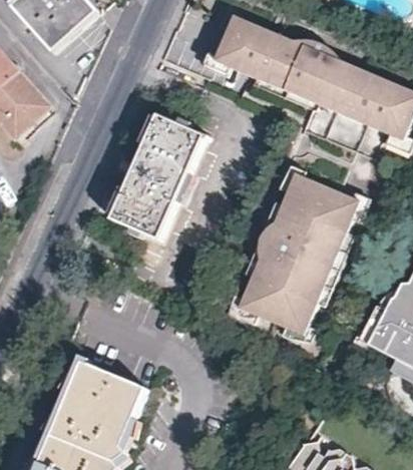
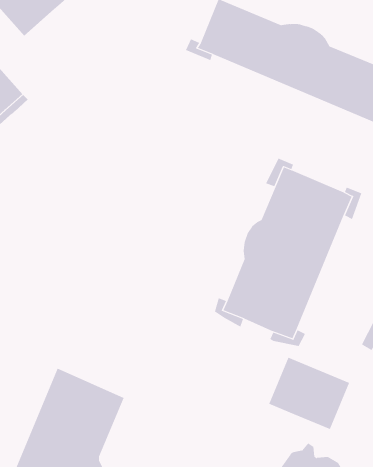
building: [109,112,204,242] -> none
building: none -> [268,357,350,430]

